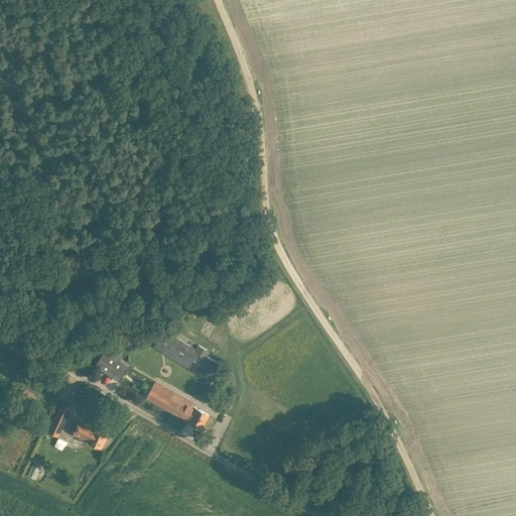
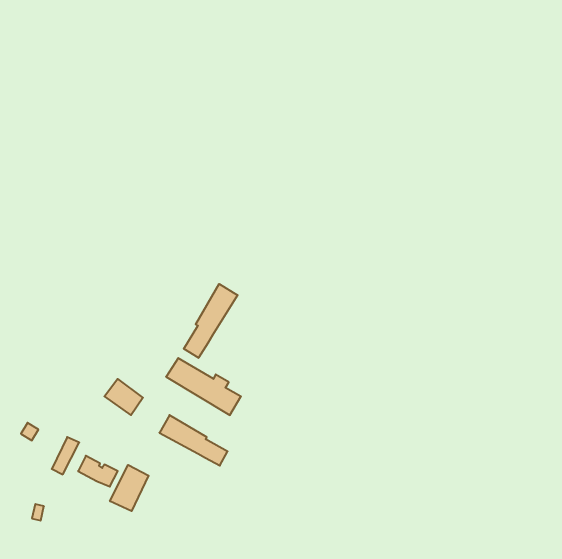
building: none -> [184,284,238,358]
building: none -> [110,465,149,511]

